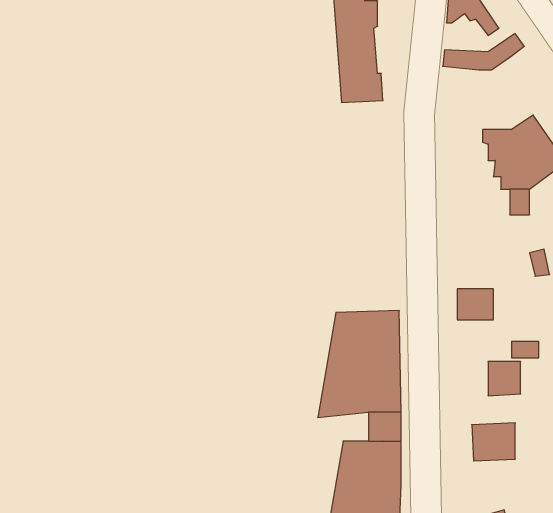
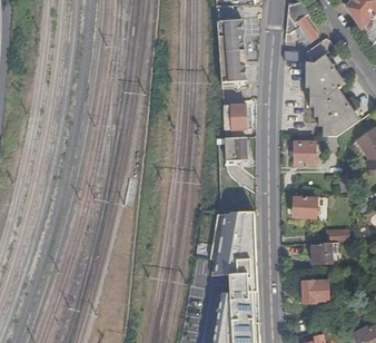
building: none -> [305,55,346,99]
building: none -> [222,104,246,128]
building: none -> [224,137,245,170]
building: none -> [294,141,315,166]

